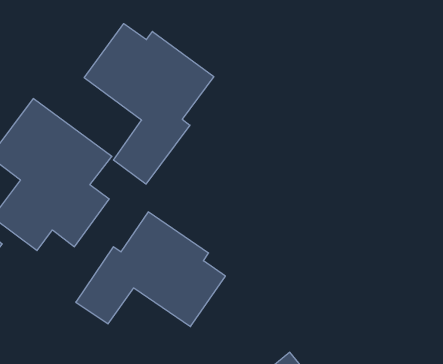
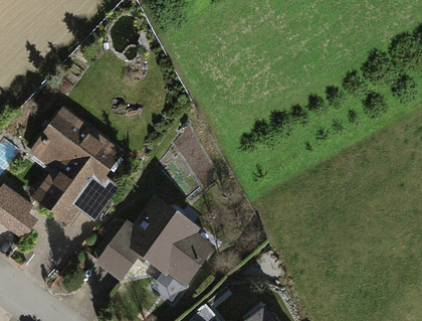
building: [84,24,214,184] -> none

